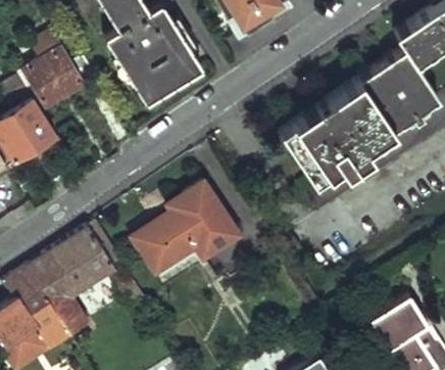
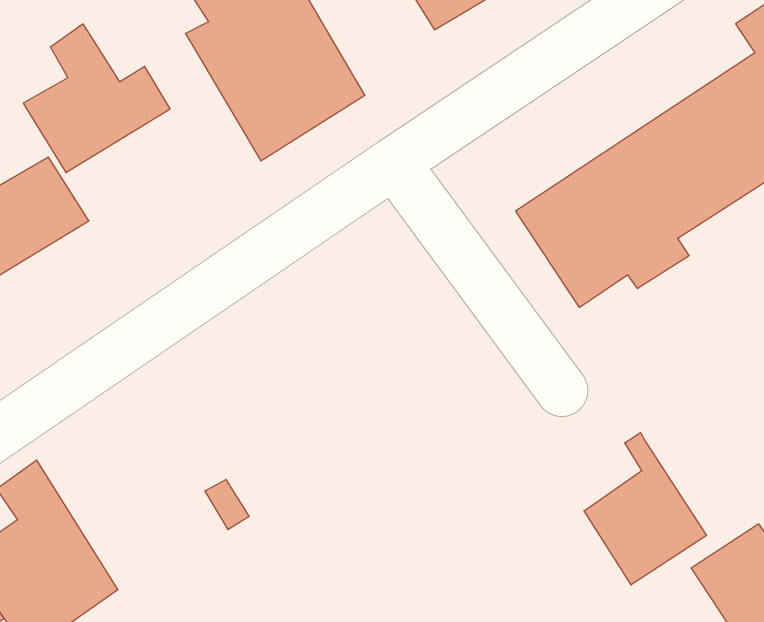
building: [127,180,237,269] -> none
building: [28,224,117,334] -> none
building: none -> [584,432,706,585]

